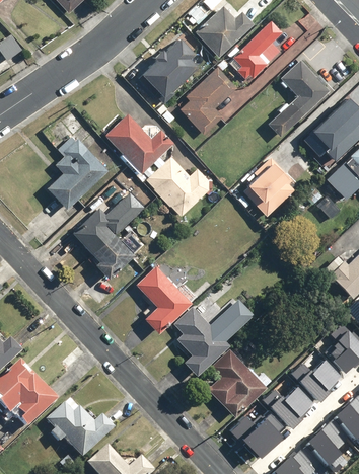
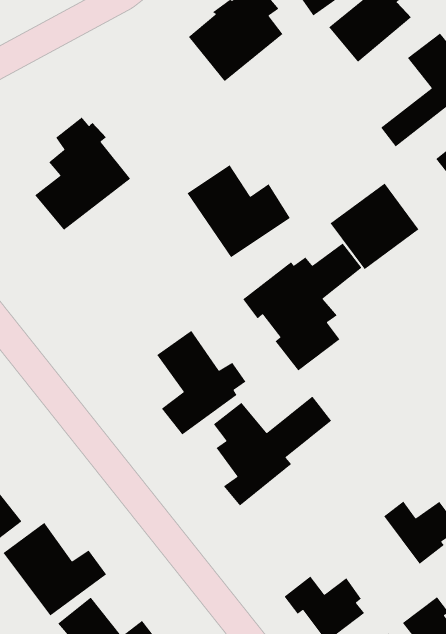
building: [178,66,235,134] -> none
building: [103,111,172,172] -> none
building: [68,191,144,278] -> [242,242,362,372]
building: [207,352,272,418] -> none
building: [264,387,314,429] -> none

